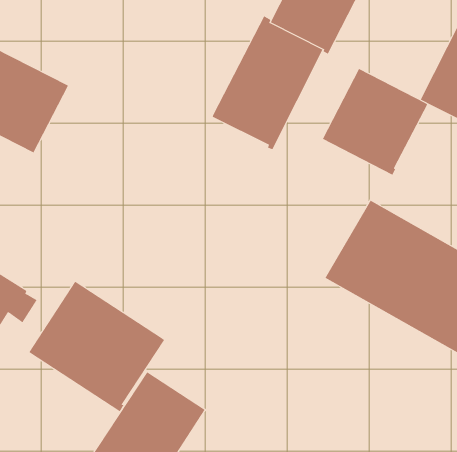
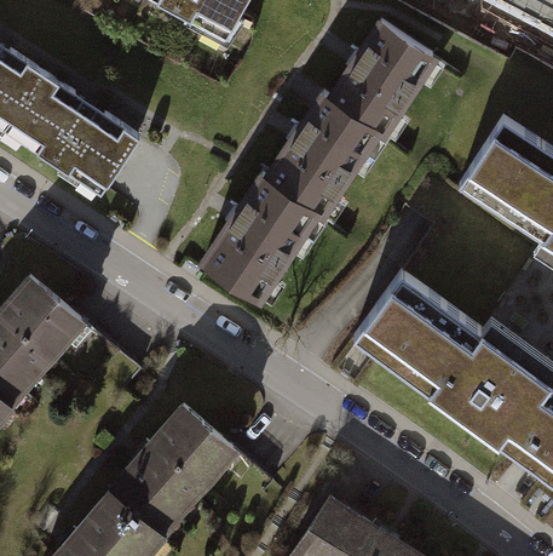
building: [322,68,428,176] -> none
building: none -> [203,176,315,300]
building: [29,281,165,412] -> none

